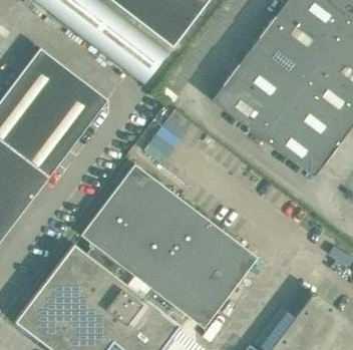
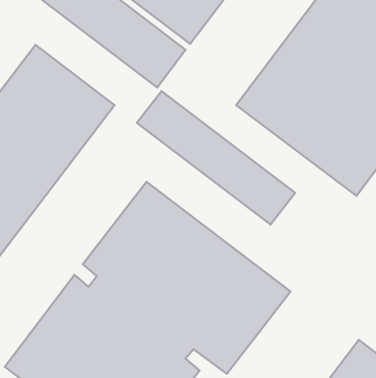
building: none -> [137,91,295,224]

